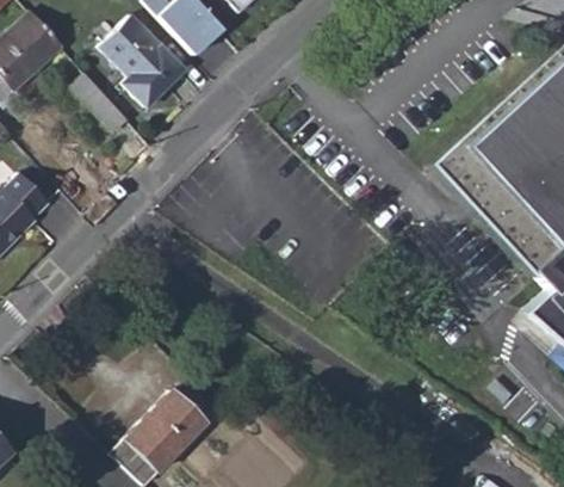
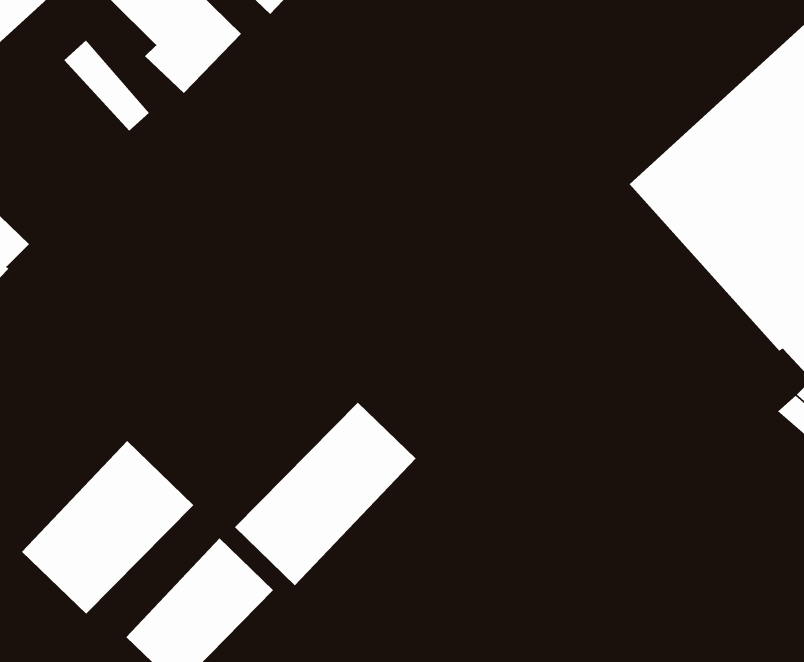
building: none -> [234,402,416,586]
building: none -> [21,440,194,615]

